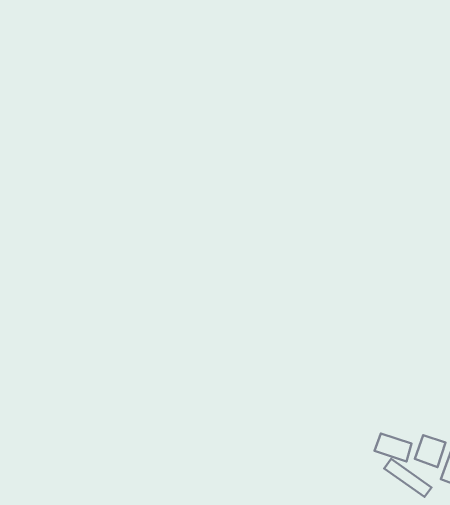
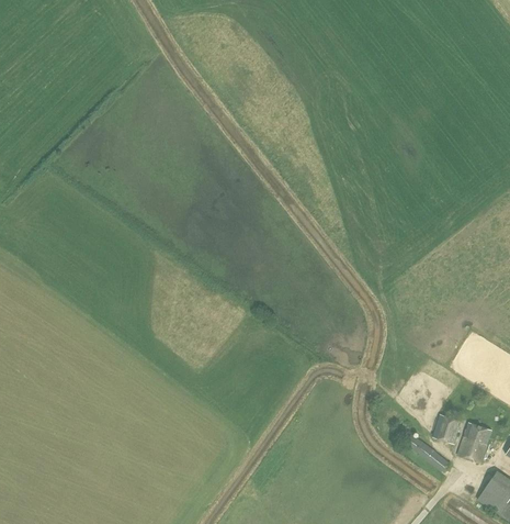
building: [374,433,412,462] -> none

